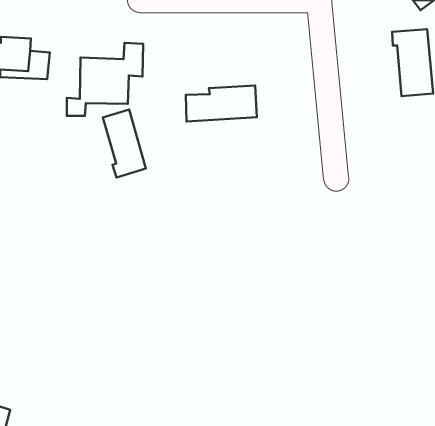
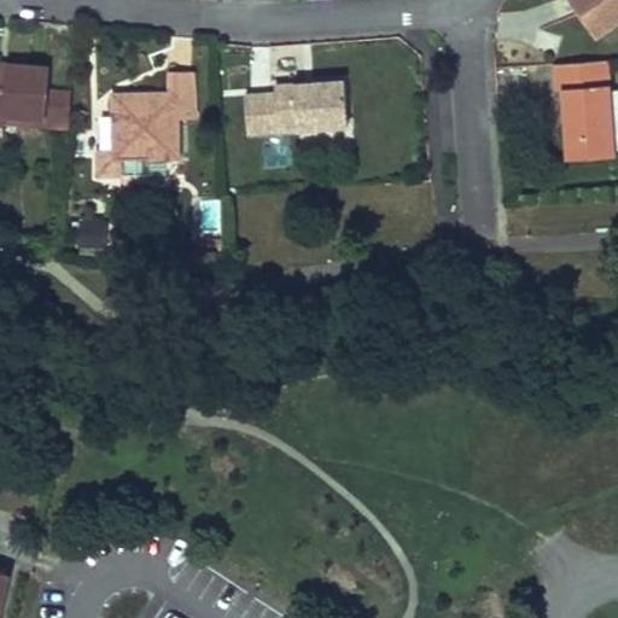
building: [186,85,257,121] -> [235,76,336,127]
building: [103,110,146,177] -> none

